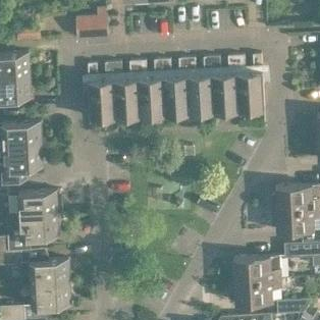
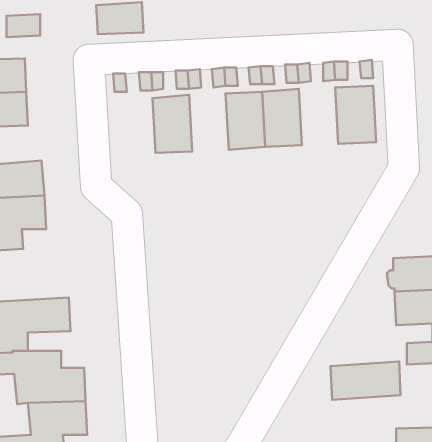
building: [212,73,238,112] -> none
building: [139,77,165,116] -> none
building: [89,81,116,119] -> none
building: [18,192,58,216] -> none
building: [234,279,281,305] -> none

